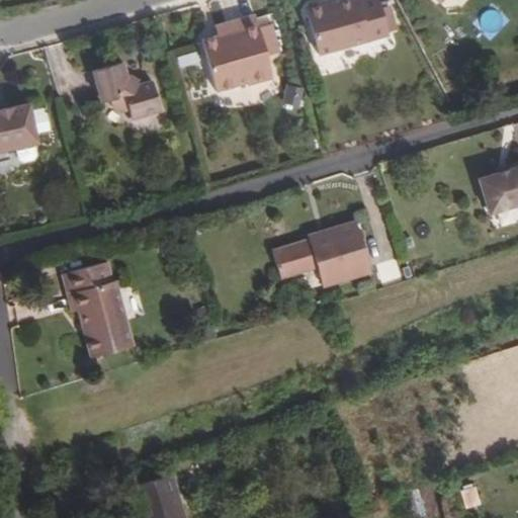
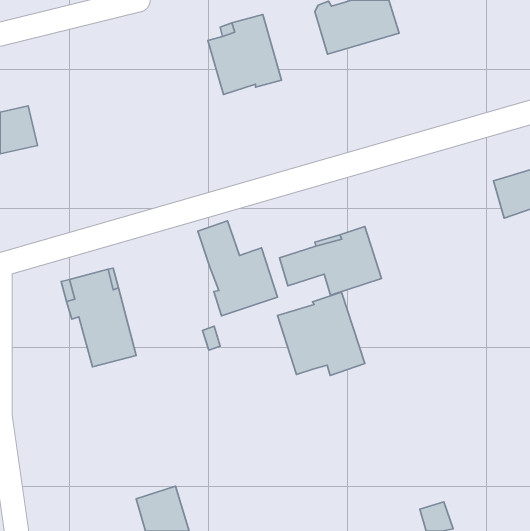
building: [92,57,163,116] -> none
building: none -> [198,221,278,316]
building: none -> [277,292,365,375]

